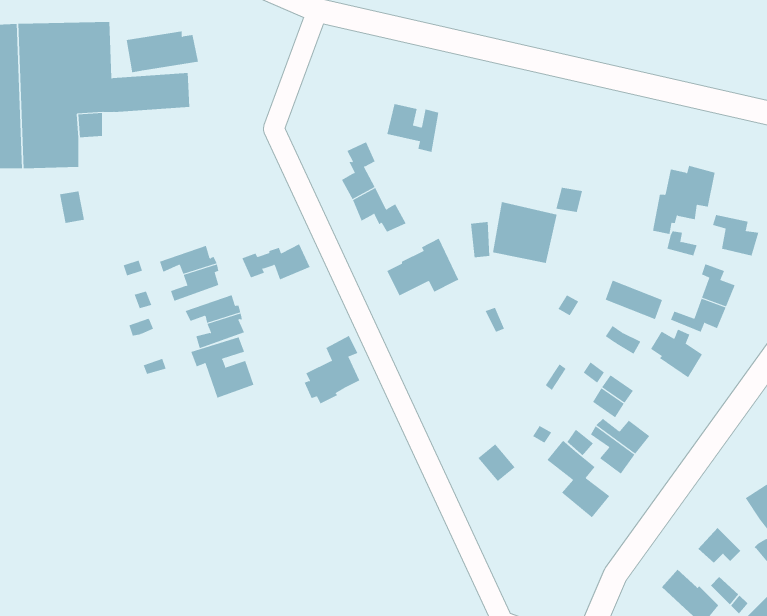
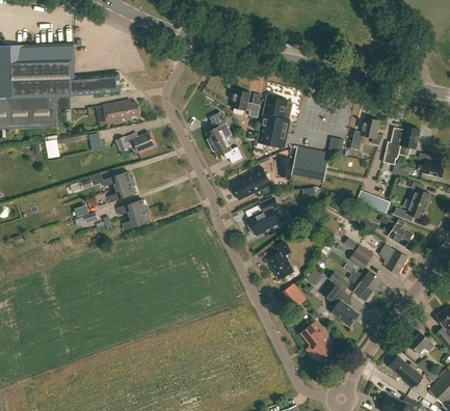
building: [126,31,199,73] -> [96,101,137,125]
building: none -> [257,97,292,147]
building: none -> [350,117,382,149]
building: [241,244,310,280] -> [114,131,154,152]
building: [304,335,360,404] -> [246,196,279,236]
building: [191,337,254,399] -> none
building: none -> [266,240,292,278]
building: none -> [377,243,406,273]
building: none -> [300,321,330,360]

